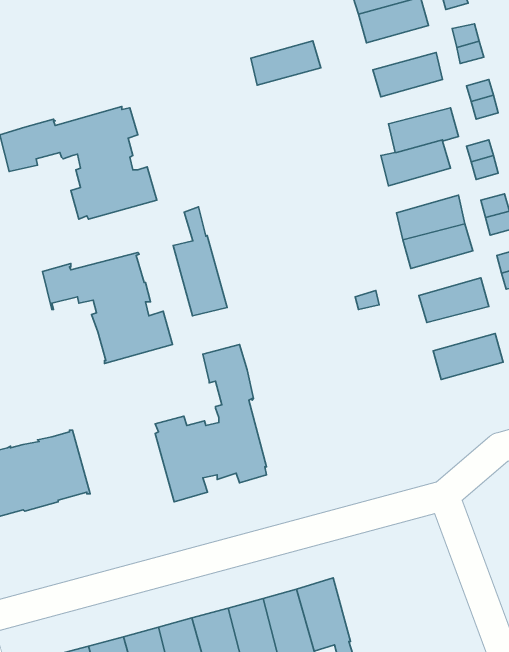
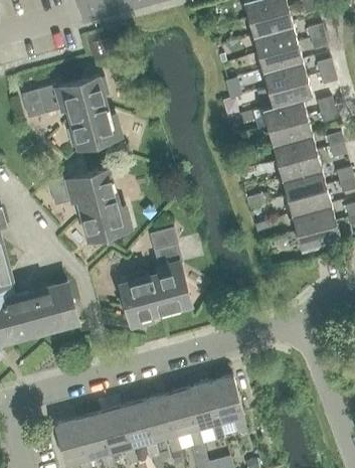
building: [251,41,321,85] -> [253,25,298,53]
building: none -> [262,59,307,88]
building: none -> [268,116,312,144]
building: [173,207,227,316] -> none
building: none -> [282,168,326,196]
building: none -> [292,203,335,231]

